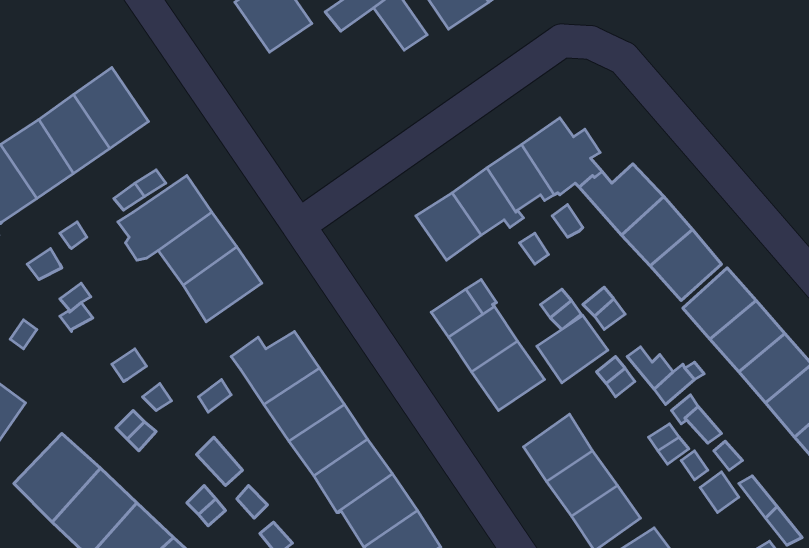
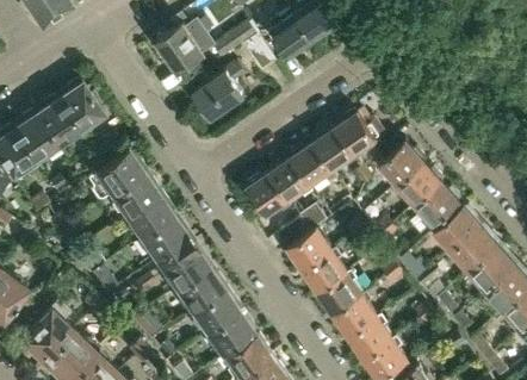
building: none -> [192,63,244,119]
building: none -> [246,173,287,216]
building: none -> [138,214,193,260]
building: [537,315,608,383] -> [320,274,364,316]

